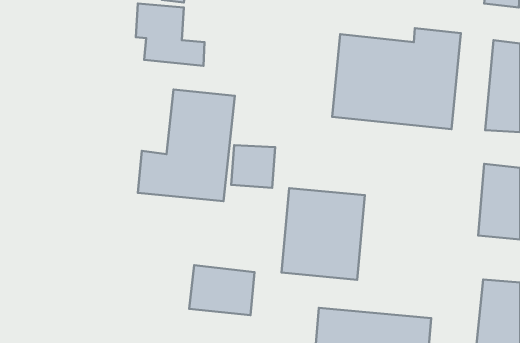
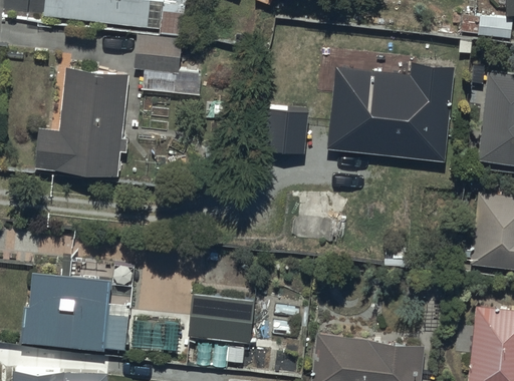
building: [138,90,235,201] -> [35,68,131,177]
building: [231,145,275,188] -> [263,110,306,152]
building: [282,188,365,280] -> none
building: none -> [23,272,130,350]

